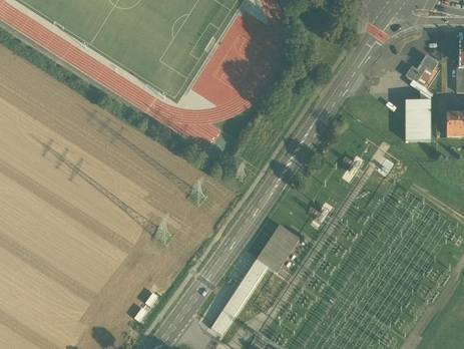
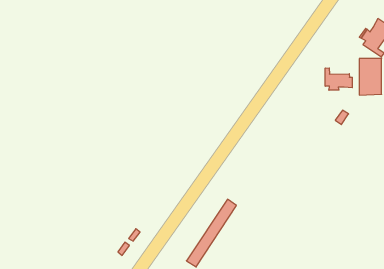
building: none -> [325,68,352,90]
building: [257,224,300,271] -> none

